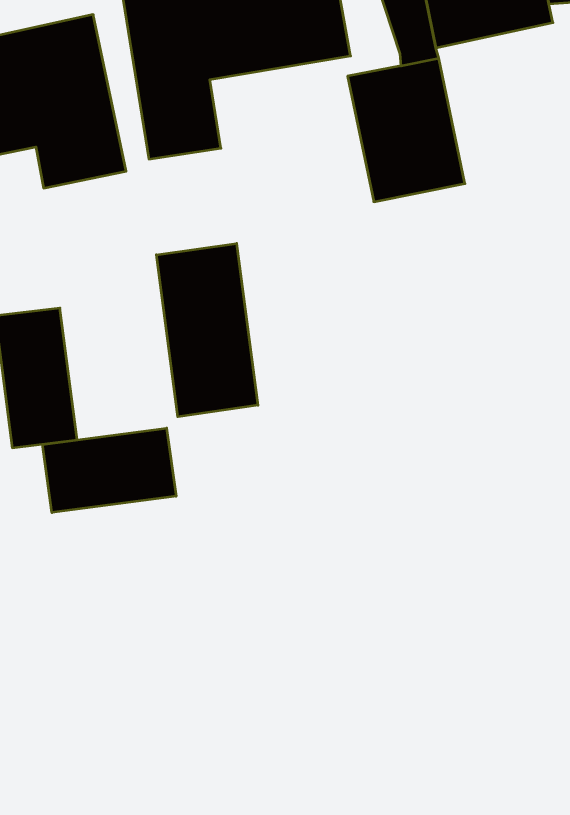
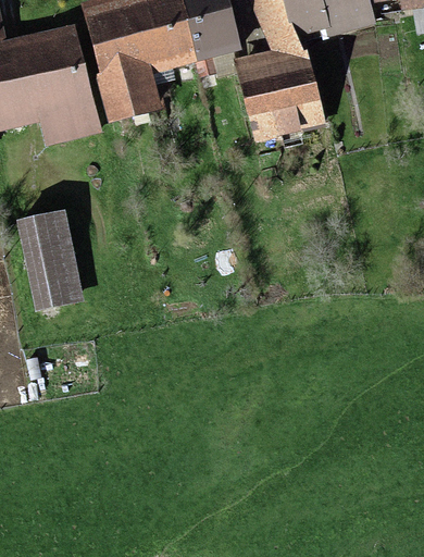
building: [156,243,258,417] -> none
building: [42,428,176,513] -> none

